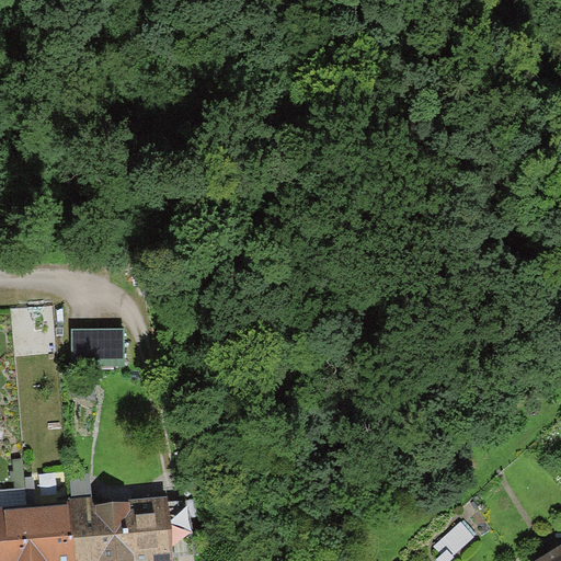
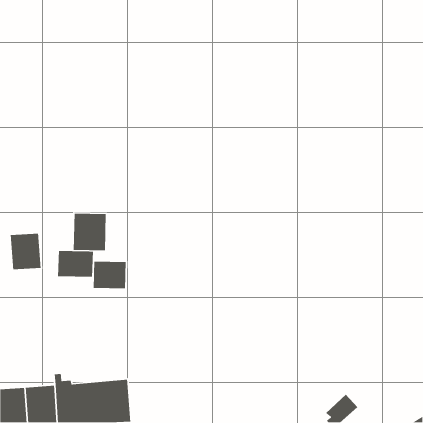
building: none -> [73,213,107,251]
building: none -> [93,261,126,289]

